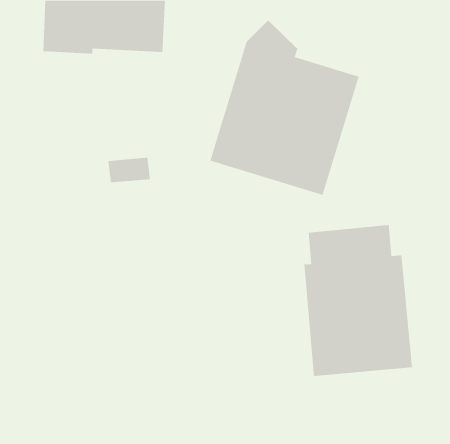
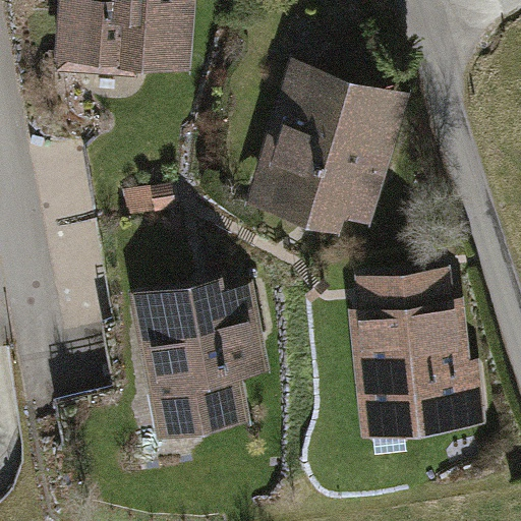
building: none -> [129,275,268,439]

